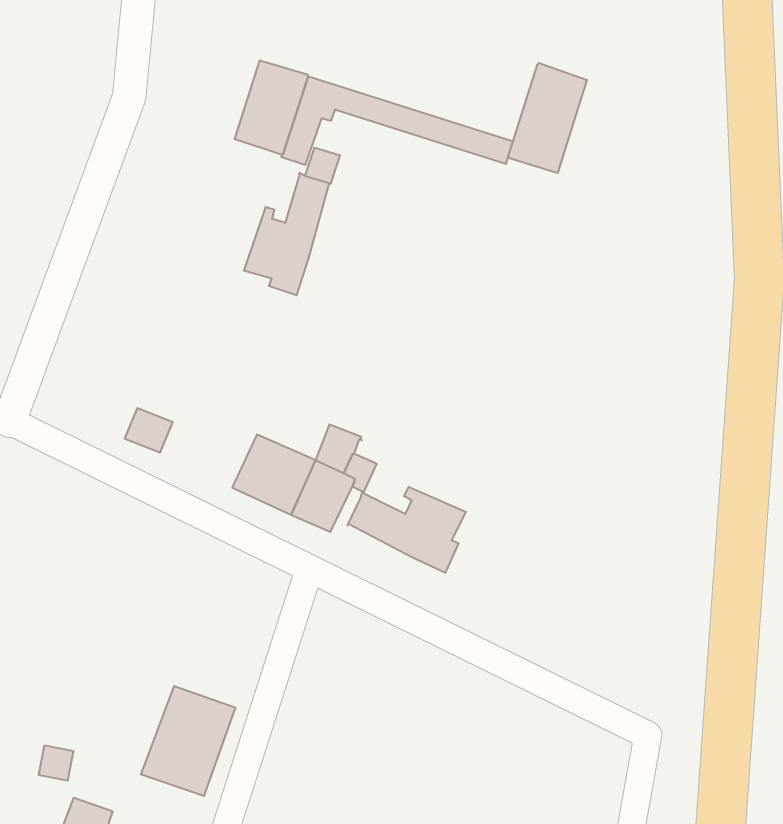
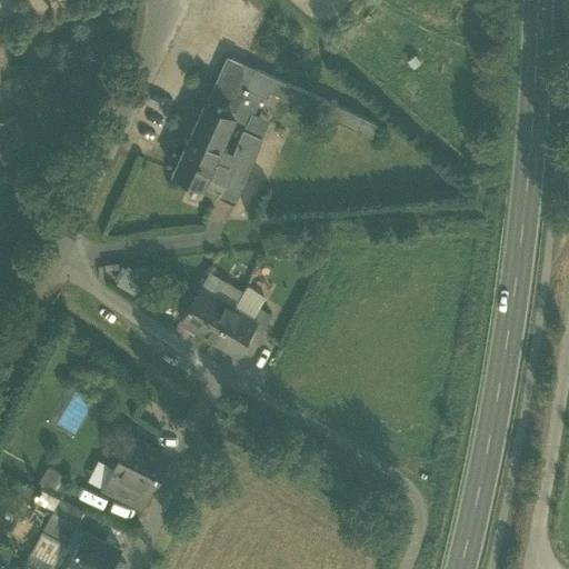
building: [508,63,587,173] -> none
building: none -> [173,106,234,188]
building: none -> [199,274,242,310]
building: [348,487,466,573] -> none

